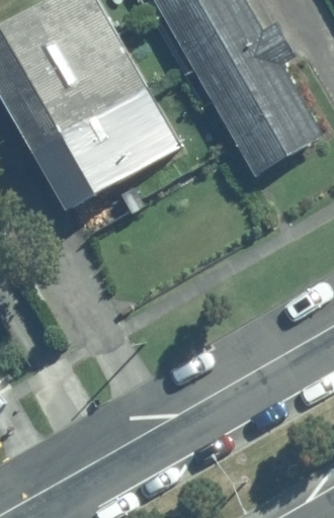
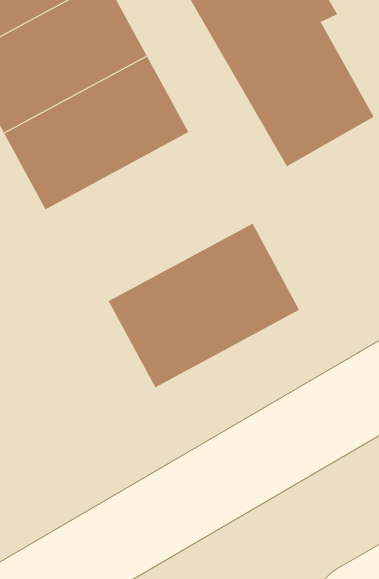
building: none -> [108,223,300,388]

